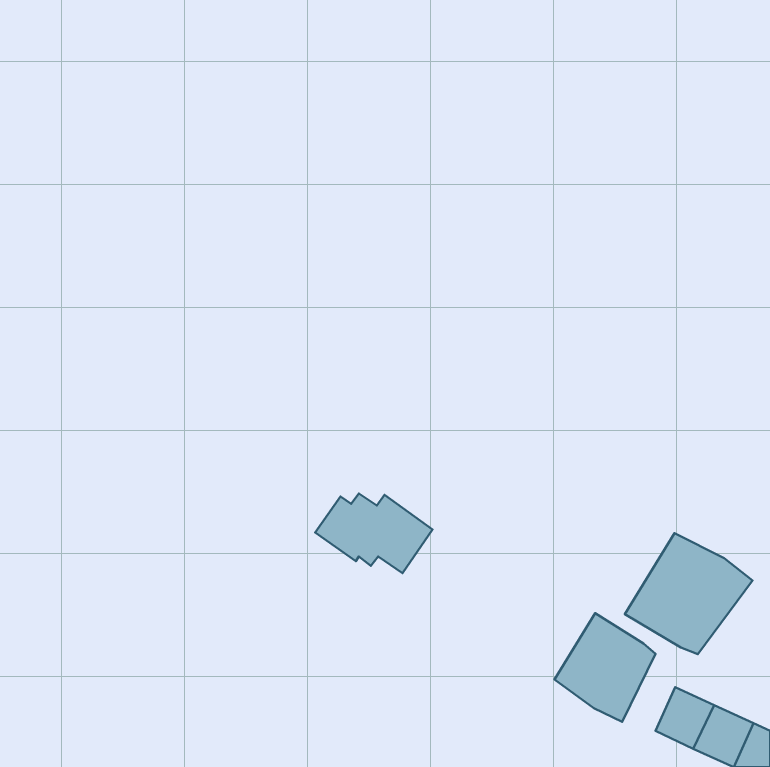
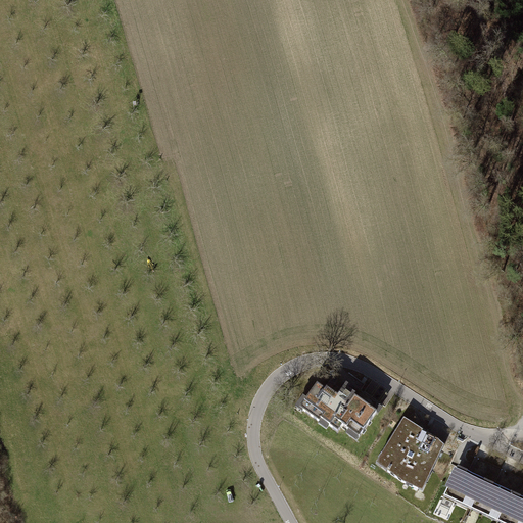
building: [315,493,433,573] -> [300,377,380,431]
building: [625,533,753,654] -> none

